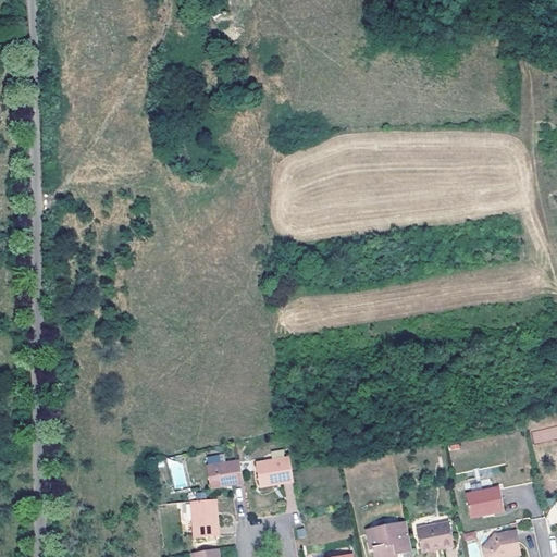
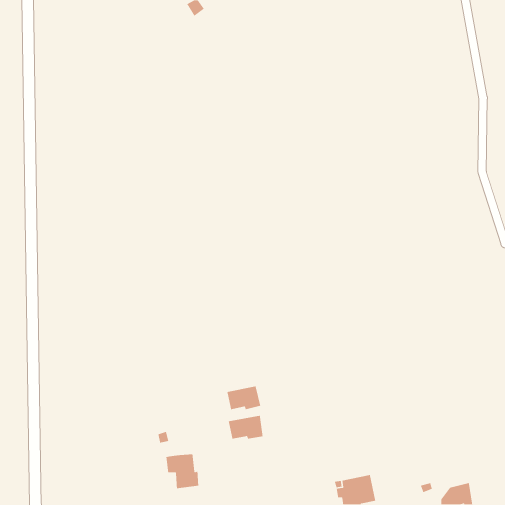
building: [205,458,243,485] -> [226,386,261,410]
building: [466,485,504,513] -> none
building: [418,521,455,549] -> none

